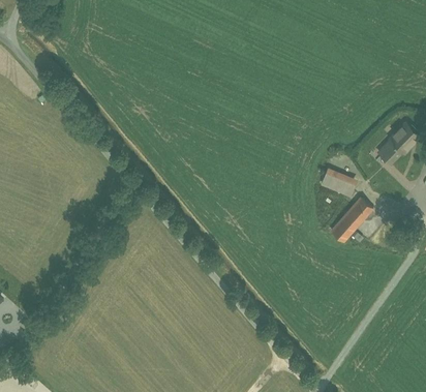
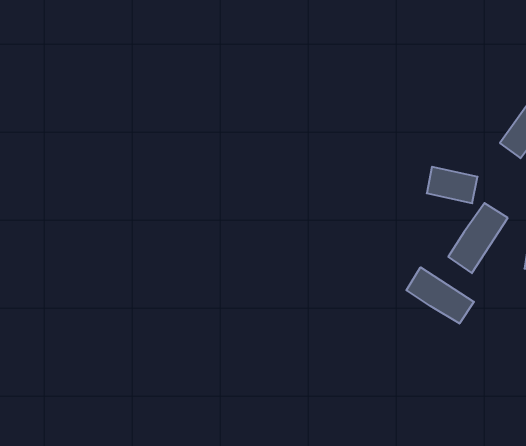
building: none -> [406,267,474,324]

